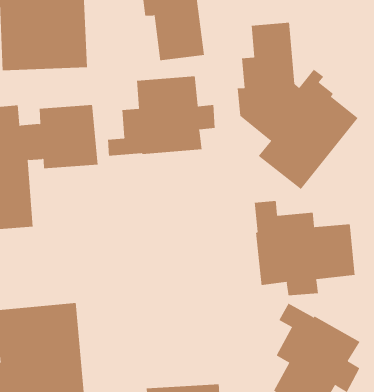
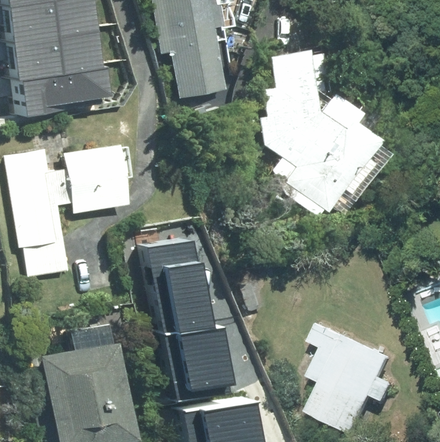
building: [107,76,215,156] -> none
building: [254,200,355,296] -> none
building: none -> [150,248,243,403]

